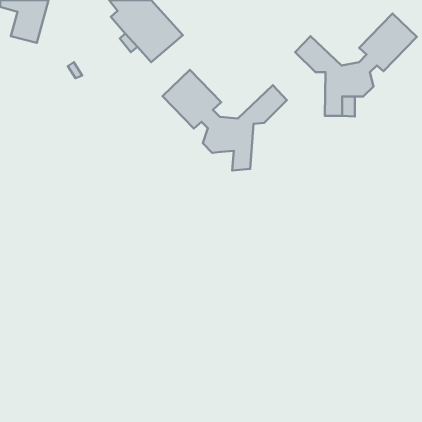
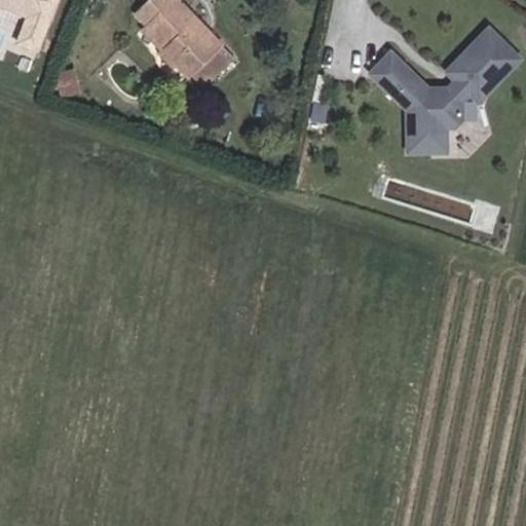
building: [163,70,287,171] -> none

